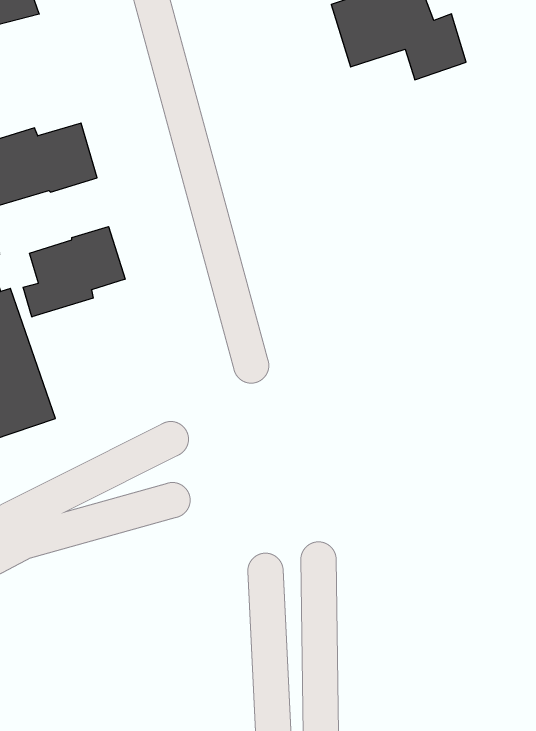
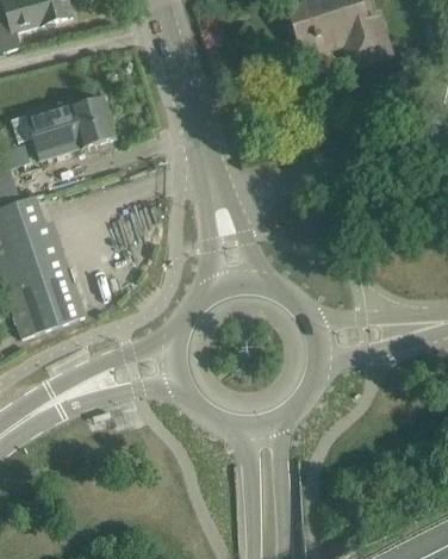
building: [23,227,125,317] -> none

